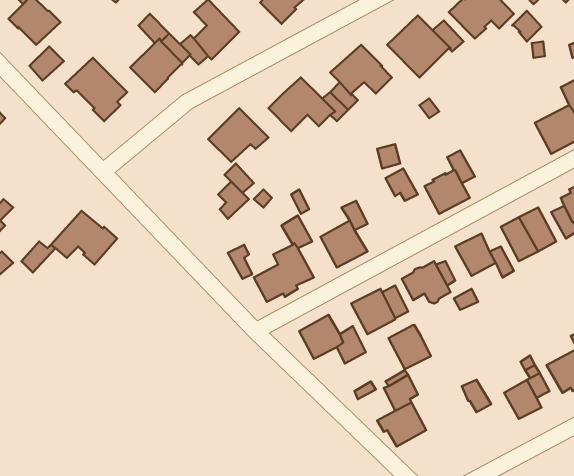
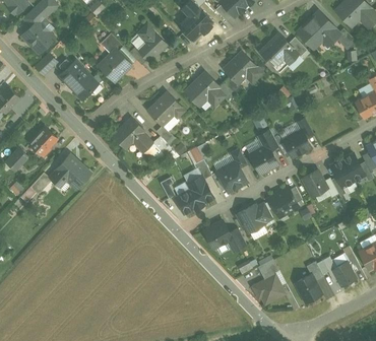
building: none -> [112,117,151,150]
building: none -> [28,127,56,156]
building: none -> [248,144,277,174]
building: [389,325,431,369] -> [294,274,320,301]

